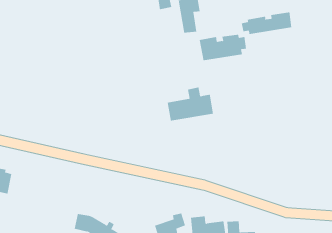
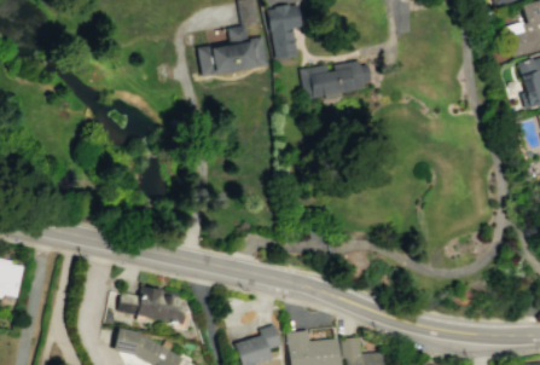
building: [241,11,292,35] -> none
building: [167,87,214,121] -> [197,25,267,76]
building: none -> [117,286,185,324]

